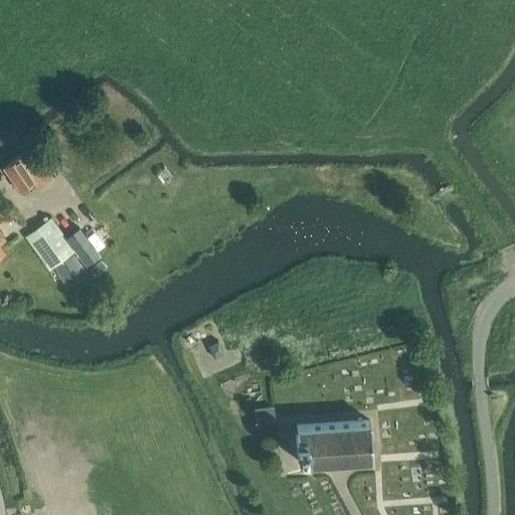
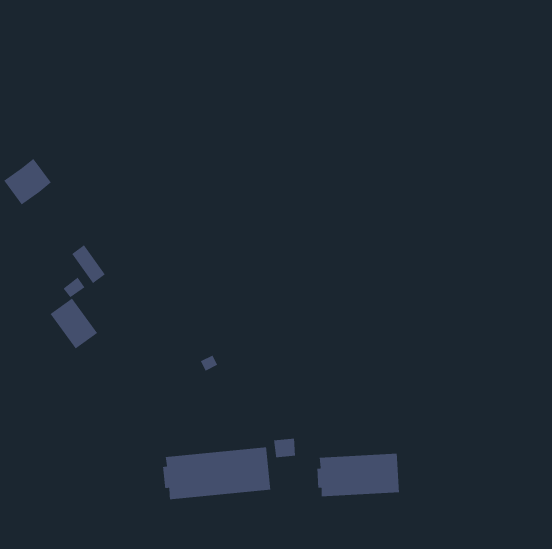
building: [28,221,73,270] -> [50,298,98,349]
building: none -> [162,446,271,500]

